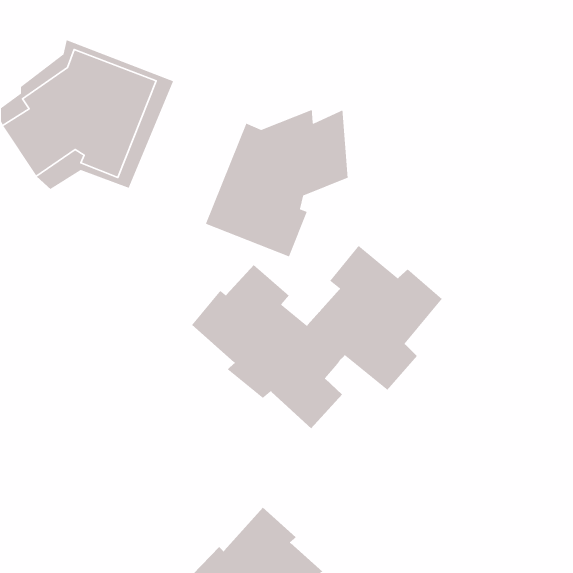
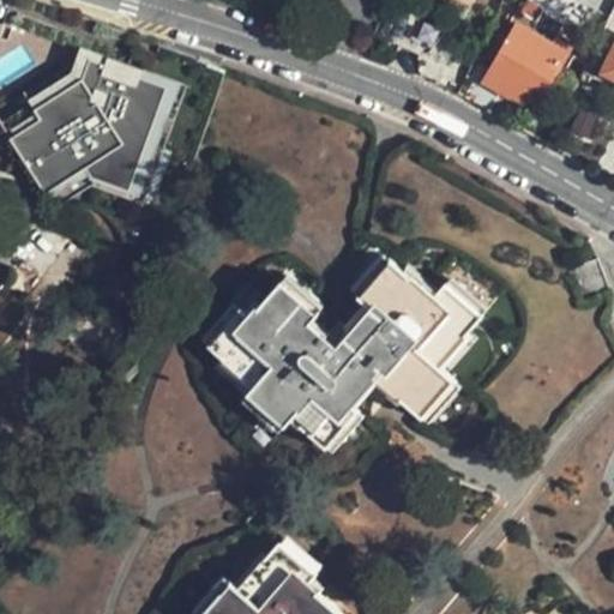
building: none -> [488,26,570,109]
building: [205,109,348,258] -> none

